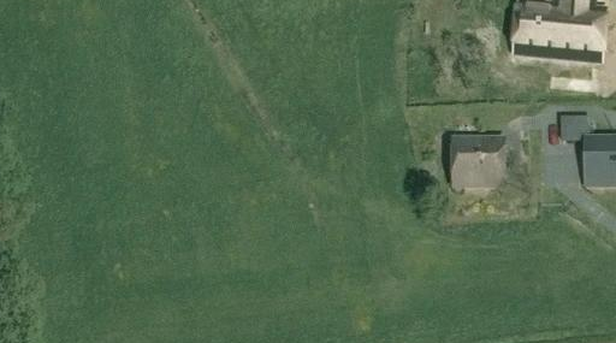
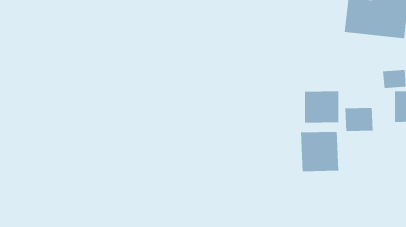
building: none -> [345,107,373,132]
building: none -> [301,131,339,172]

